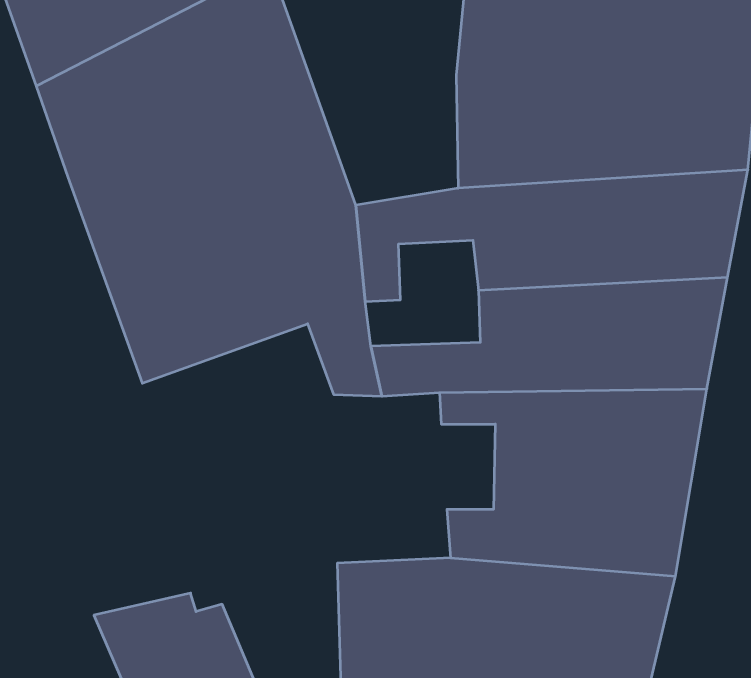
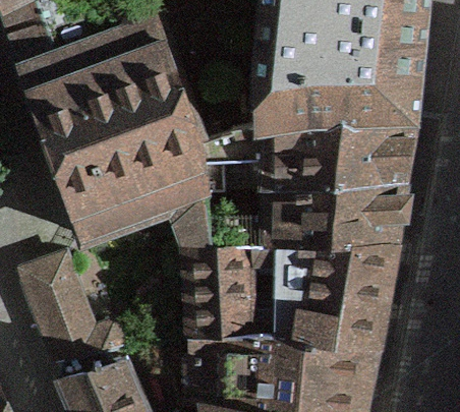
building: none -> [191,244,255,338]
building: none -> [24,255,127,366]

